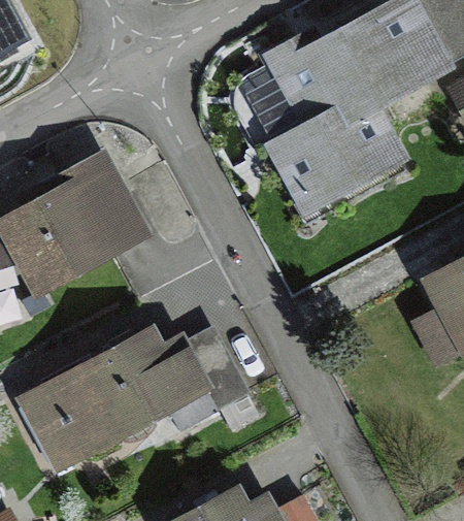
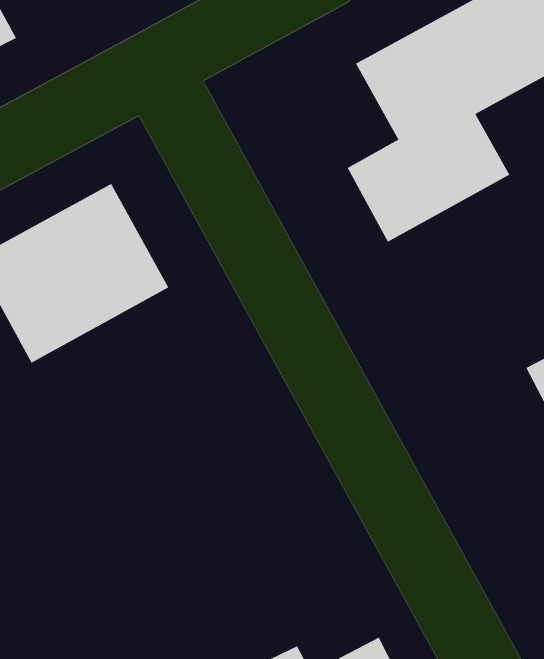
building: [37,335,218,454] -> none

